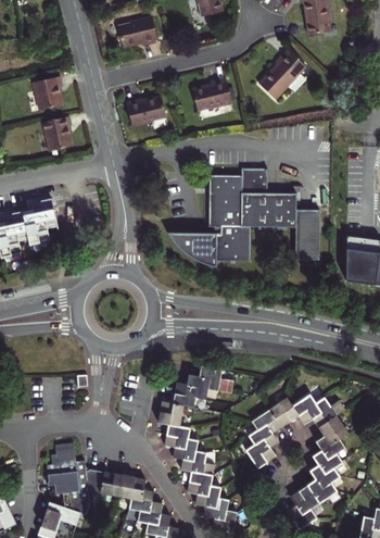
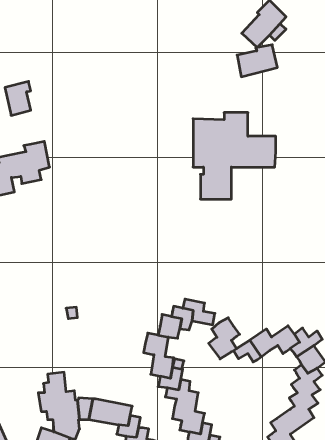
building: [31,75,61,109] -> none
building: [188,76,230,110] -> [237,45,277,77]
building: [125,93,165,124] -> none
building: [42,114,69,150] -> [5,81,31,115]
building: [293,210,318,259] -> none
building: [167,233,216,266] -> none
building: [245,423,278,466] -> [209,318,240,359]

